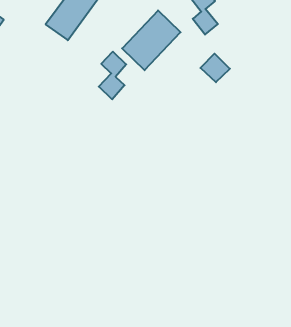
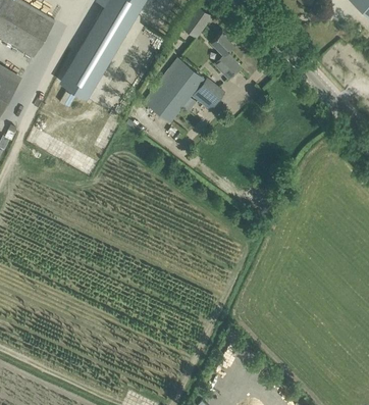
building: [99,52,126,99] -> none
building: [200,54,230,82] -> [193,81,223,110]

